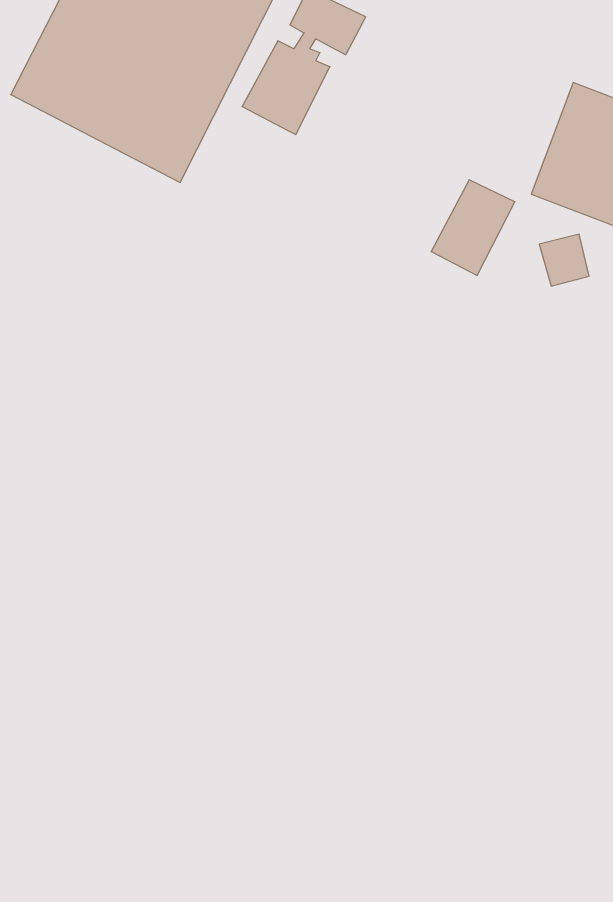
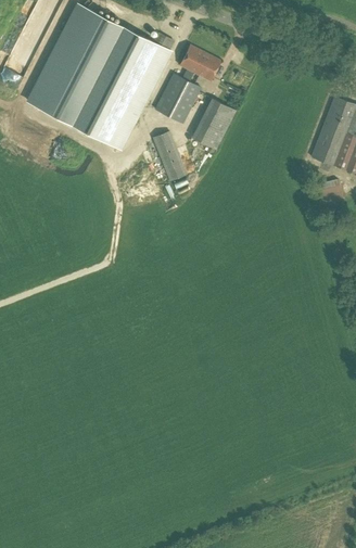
building: none -> [151,130,186,181]
building: [431,180,515,275] -> [190,98,236,150]

